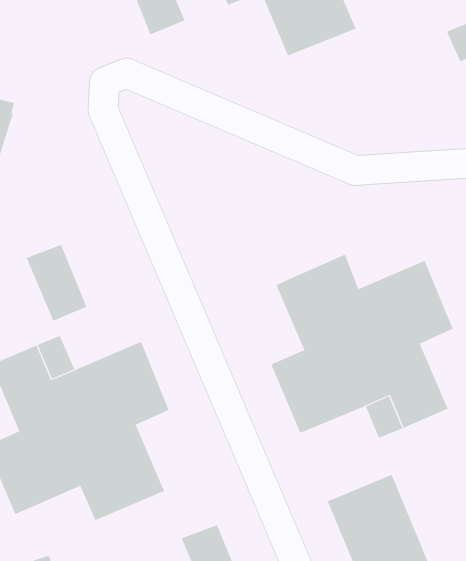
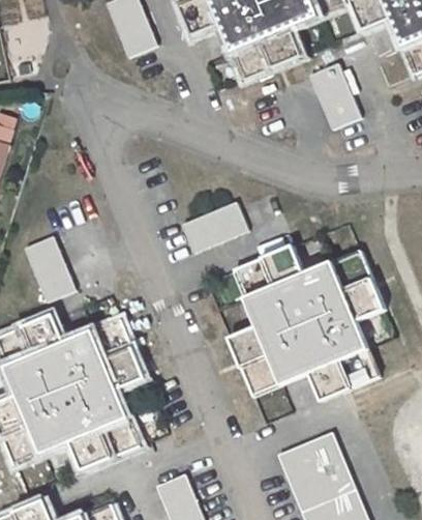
building: none -> [309,62,360,128]
building: none -> [181,201,248,253]

